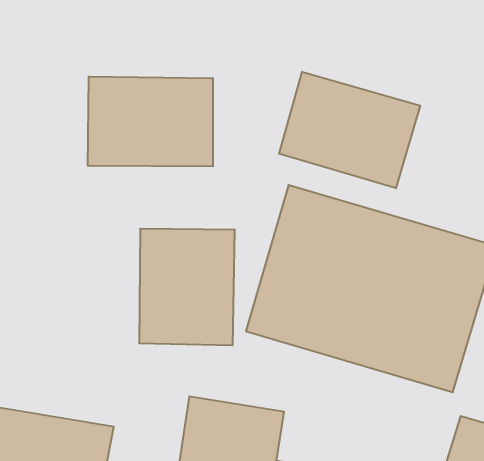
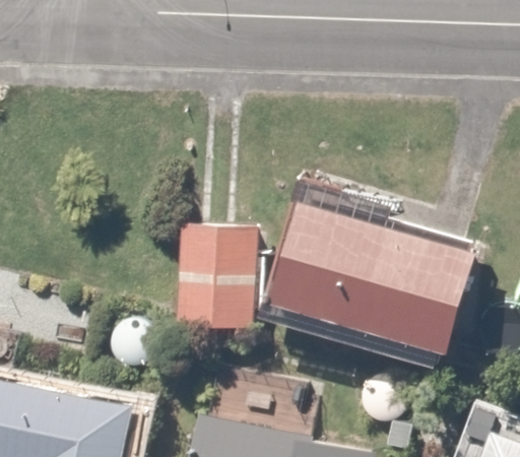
building: [279,72,420,188] -> none
building: [88,76,213,166] -> none

